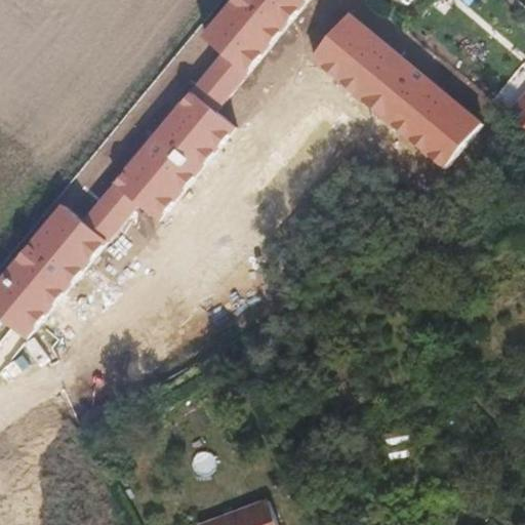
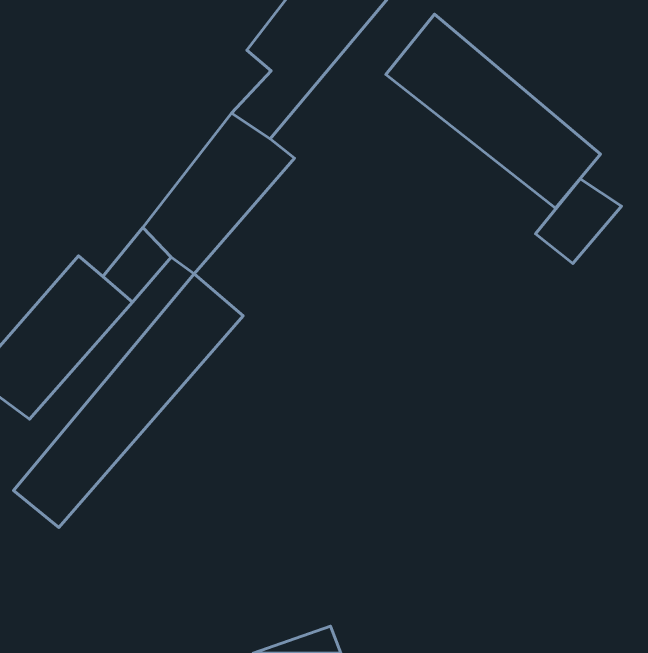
building: none -> [536,179,622,264]
building: none -> [14,274,243,527]

